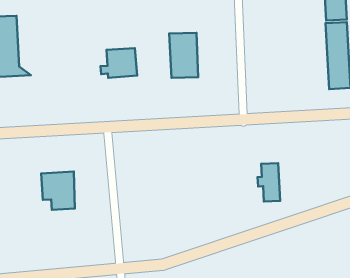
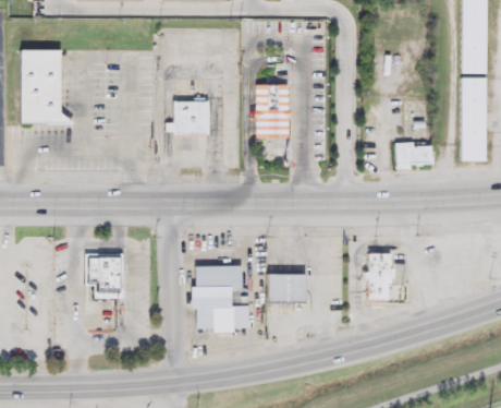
building: none -> [393,143,431,168]
building: none -> [196,263,254,331]
building: none -> [272,271,310,302]

